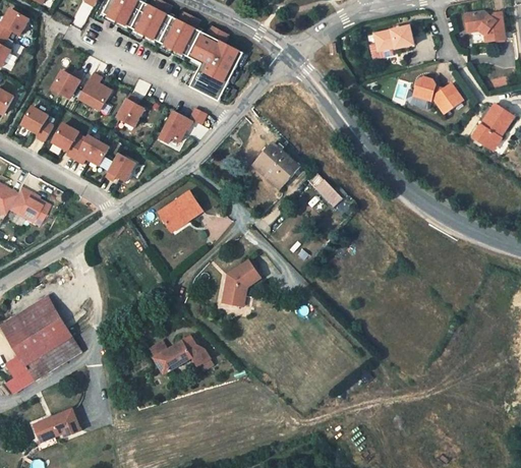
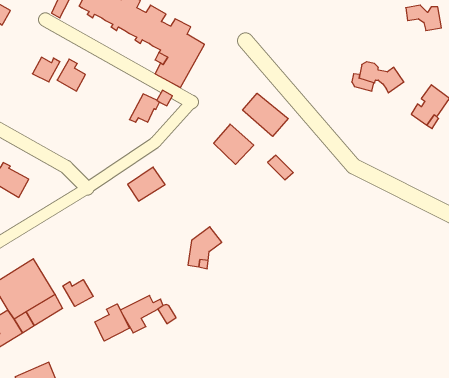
building: [373,24,412,47] -> none
building: [116,94,143,126] -> none
building: [21,107,51,141] -> none
building: none -> [243,93,288,136]
building: [52,124,110,169] -> none
building: [105,154,137,182] -> none
building: none -> [63,280,93,306]
building: none -> [95,304,129,341]

